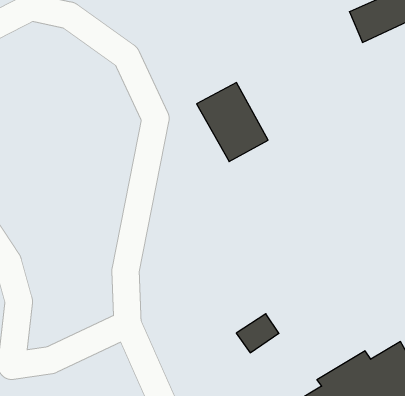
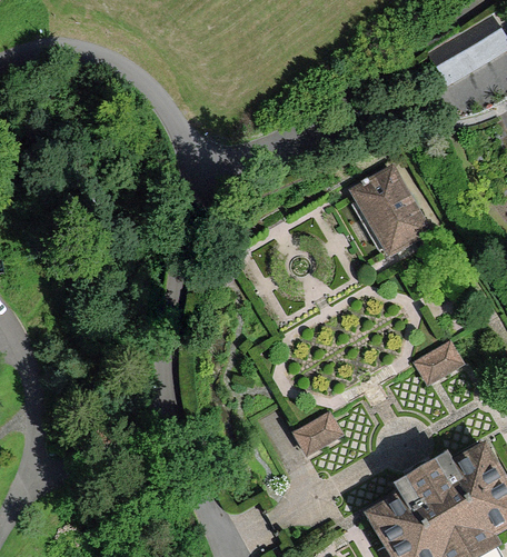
building: [197,83,268,162] -> [346,166,431,260]
building: none -> [414,340,464,382]

